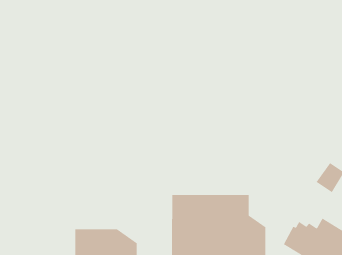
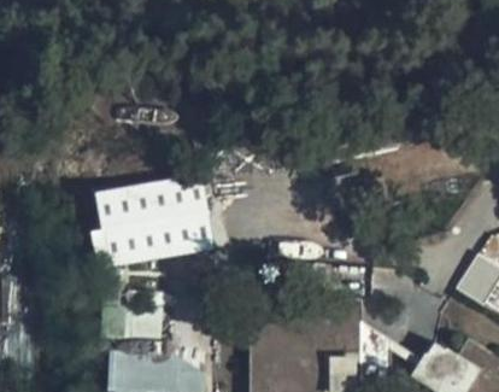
building: none -> [98,175,216,267]

